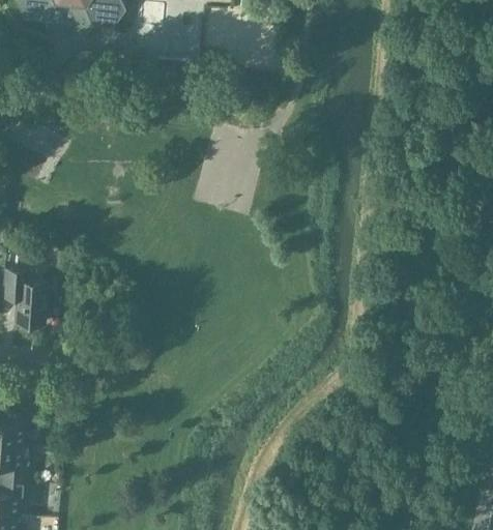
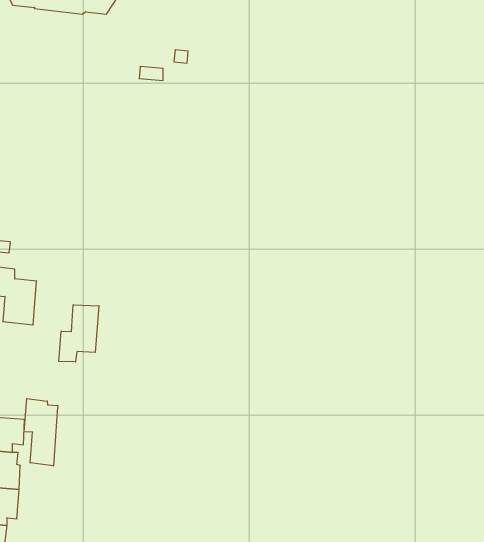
building: none -> [59,305,99,362]
building: none -> [24,399,58,466]

